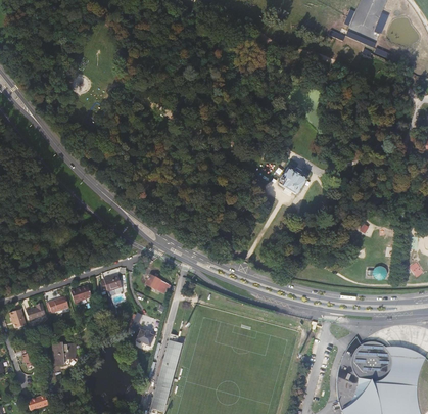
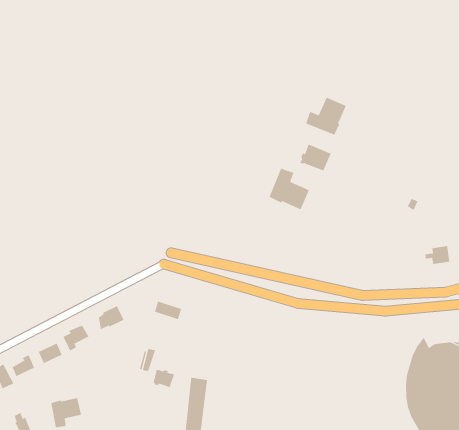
building: none -> [305,97,347,136]
building: none -> [269,168,310,210]

